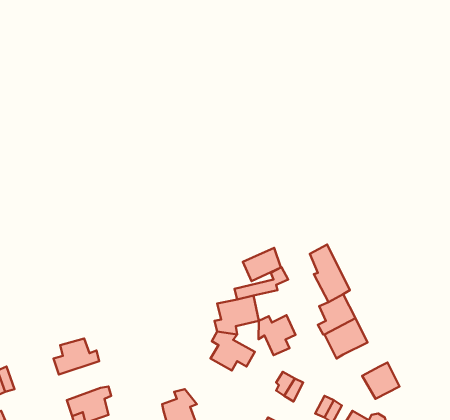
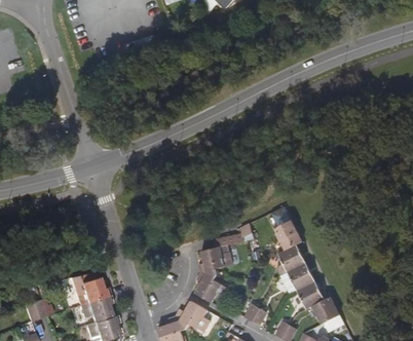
building: [243,248,281,281] -> none
building: [258,315,296,355] -> none
building: none -> [297,279,325,307]
building: none -> [79,294,113,324]
building: none -> [176,300,211,331]

